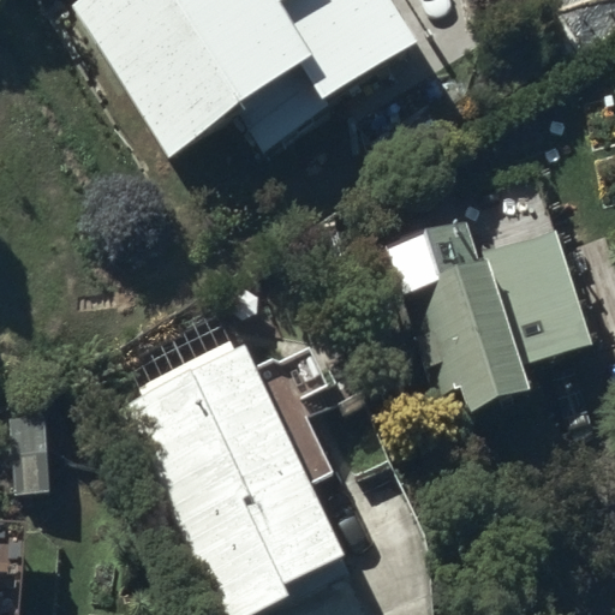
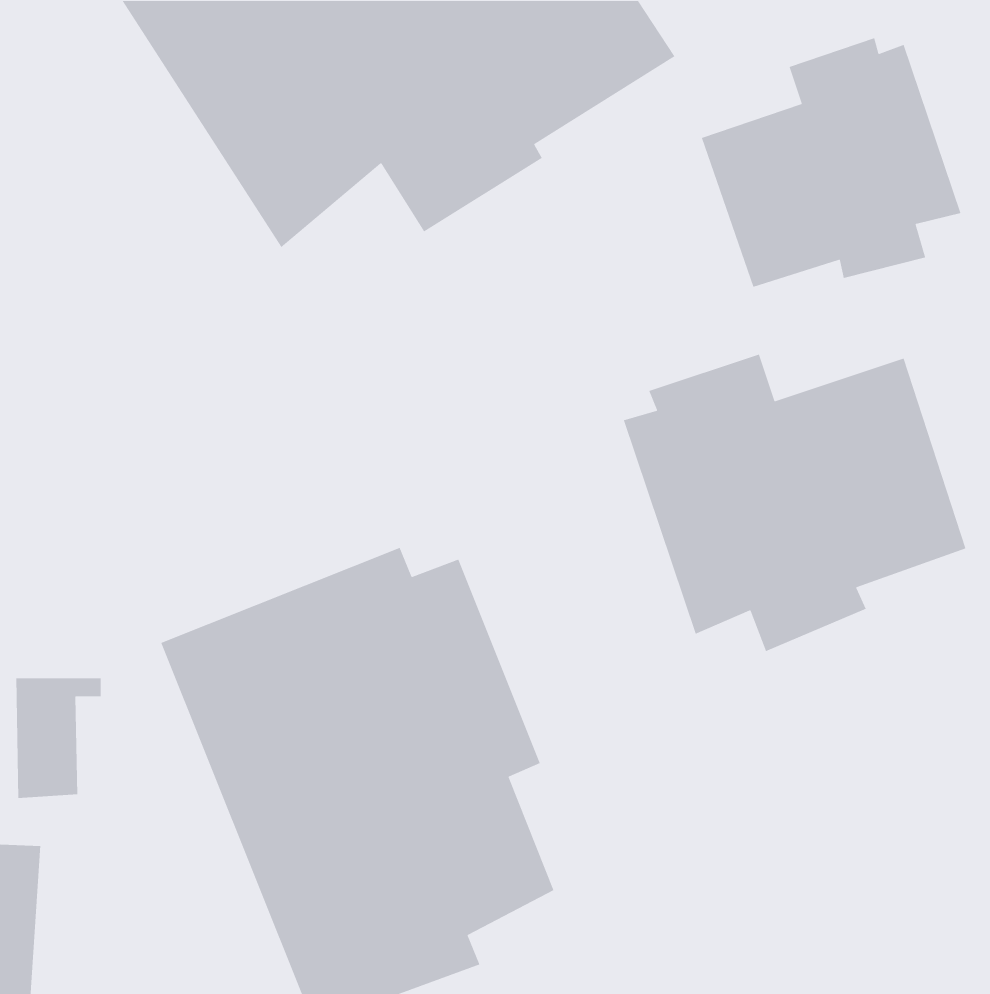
building: none -> [701,37,961,288]

